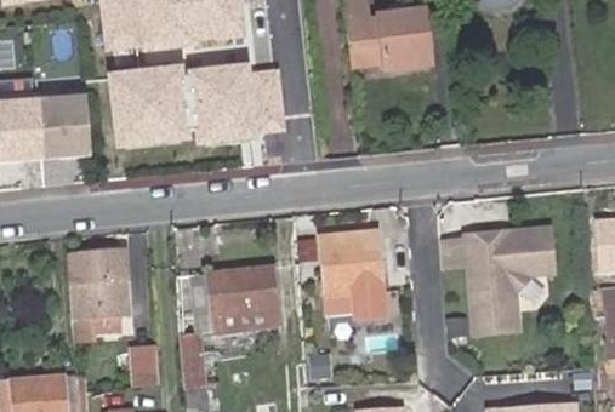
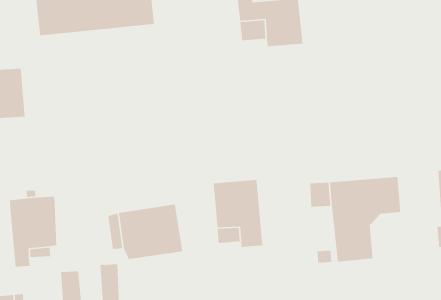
building: [108,65,289,150] -> none

